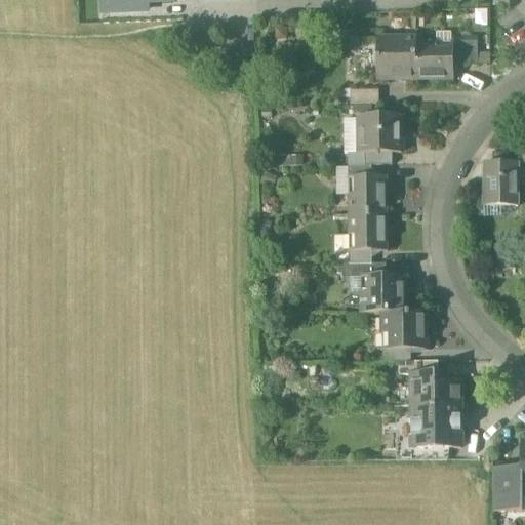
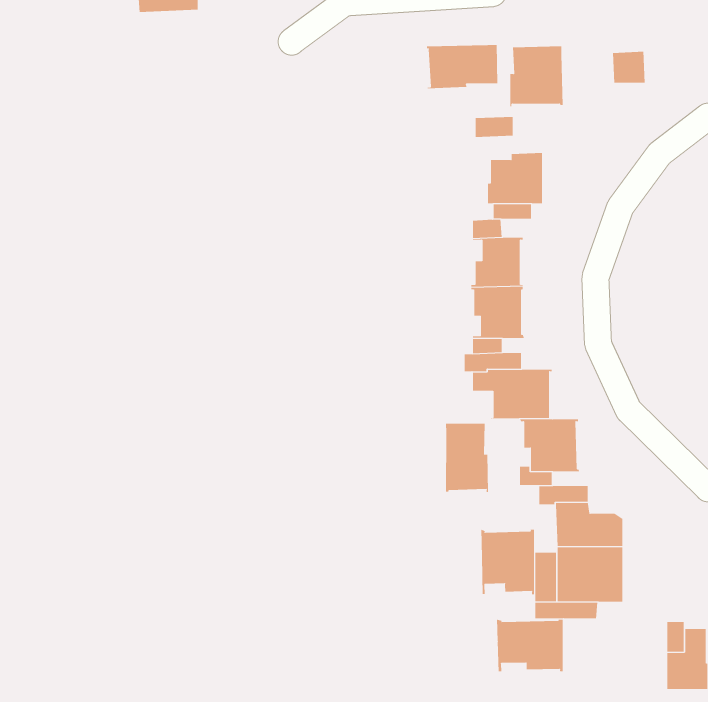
building: none -> [426,44,498,89]
building: [415,39,453,78] -> none
building: [484,159,518,204] -> none
building: none -> [446,423,489,493]
building: none -> [481,529,534,595]
building: none -> [497,619,563,672]

